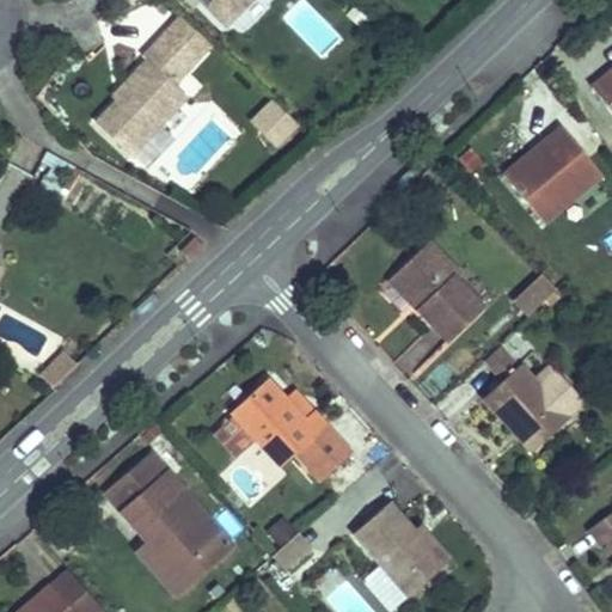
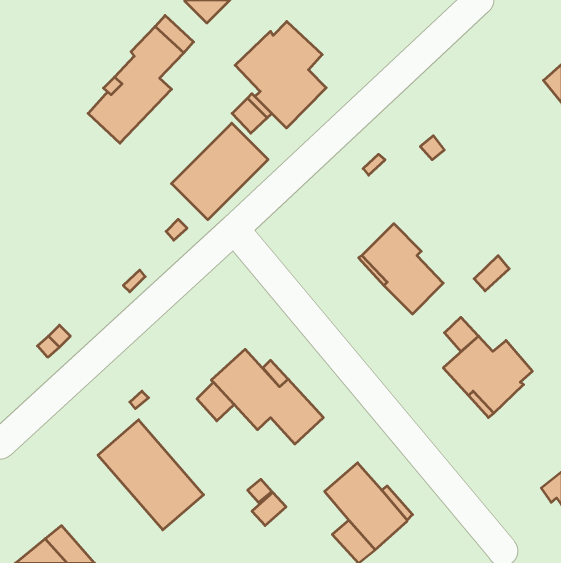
building: none -> [235,21,326,128]
building: [504,127,601,222] -> none
building: none -> [171,123,268,220]
building: [140,537,231,594] -> none

